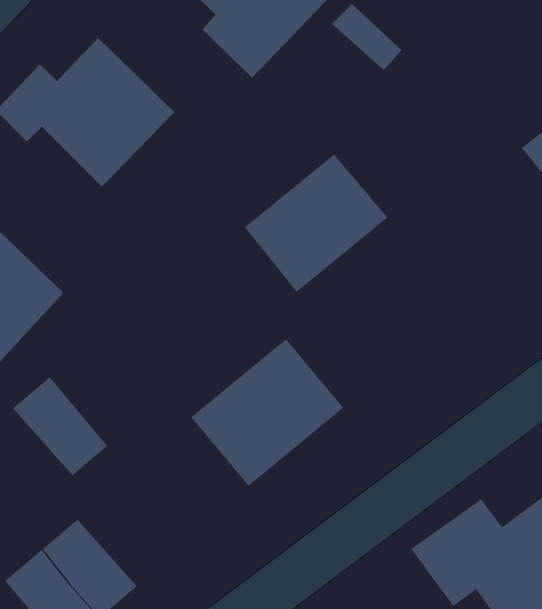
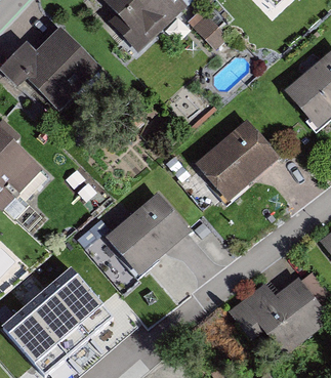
building: [244,154,389,293] -> [200,121,279,197]
building: [12,376,108,476] -> [45,274,97,328]

